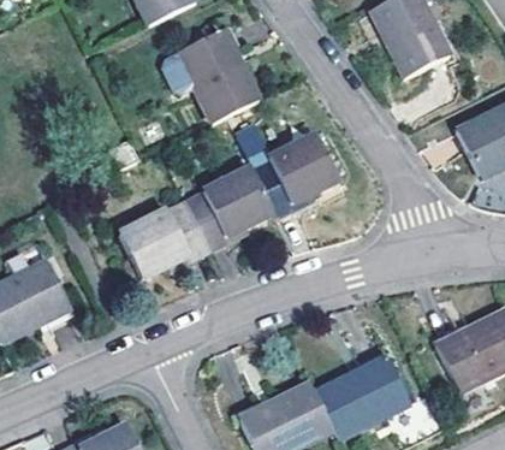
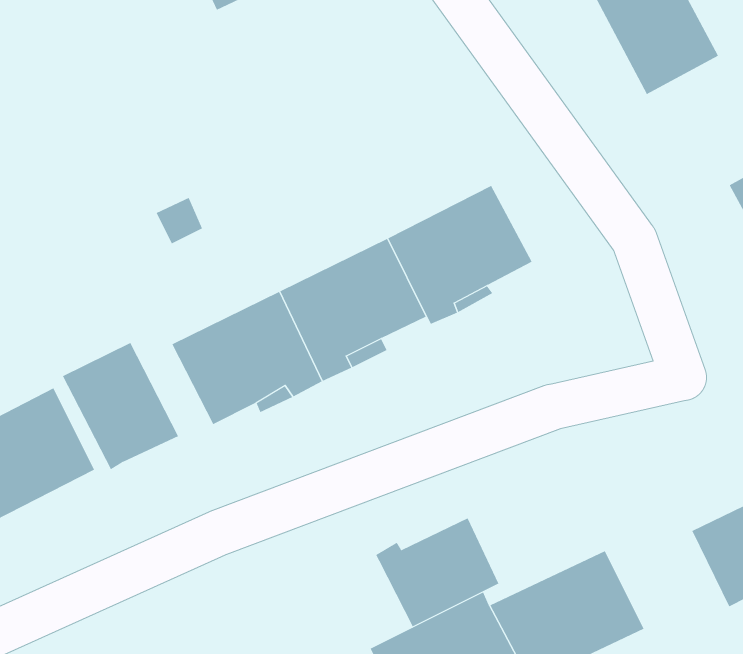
building: [160,29,259,122] -> none
building: none -> [62,342,179,470]
building: none -> [375,517,499,627]

